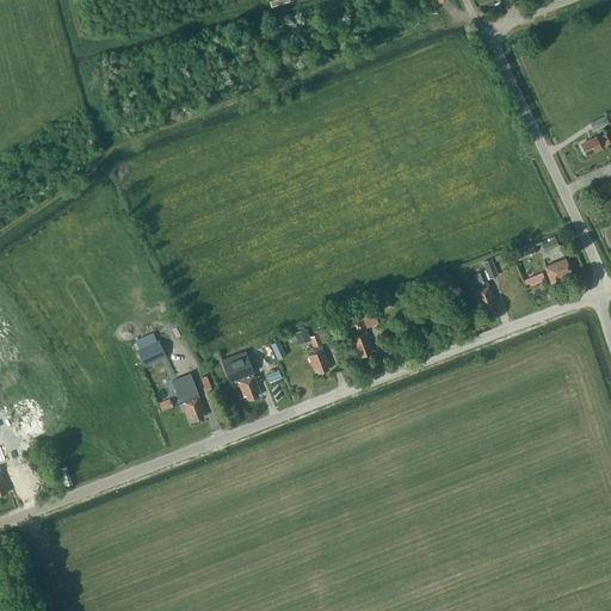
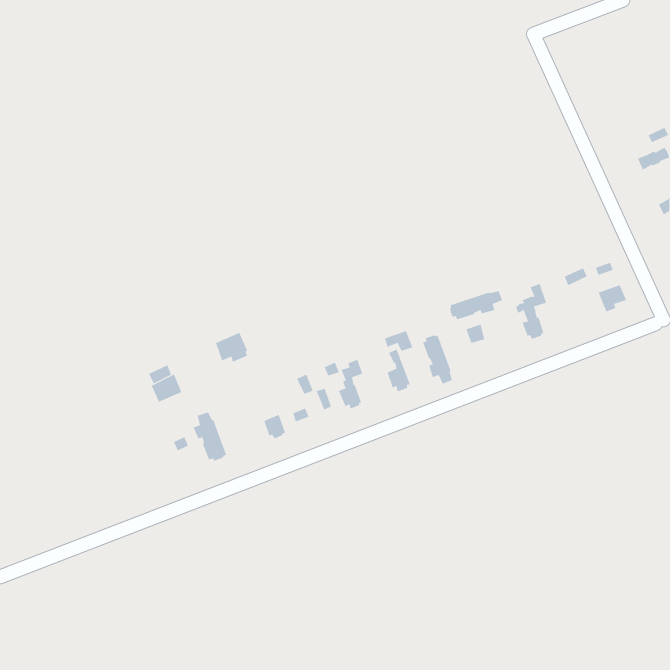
building: none -> [449,290,503,320]
building: none -> [423,334,453,385]
building: [224,356,254,383] -> [215,332,248,362]

